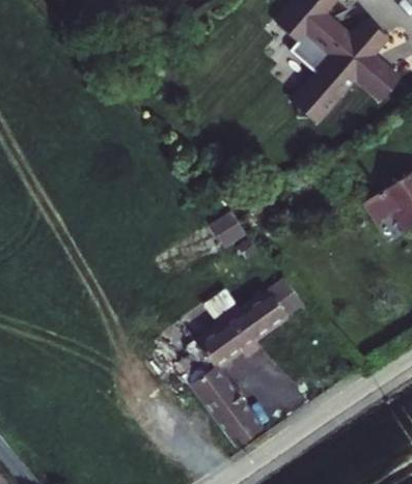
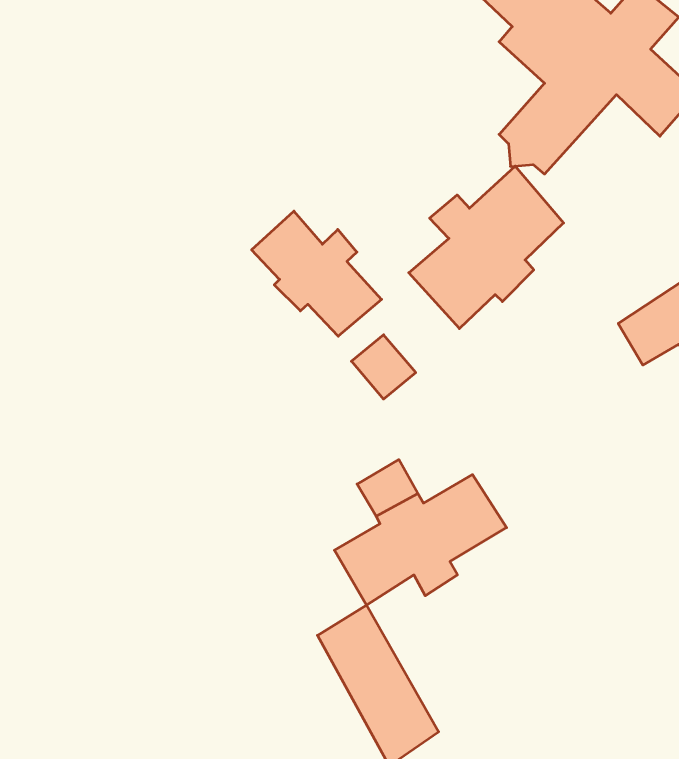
building: none -> [409,166,564,329]
building: none -> [252,211,382,336]

